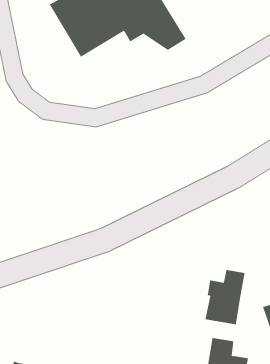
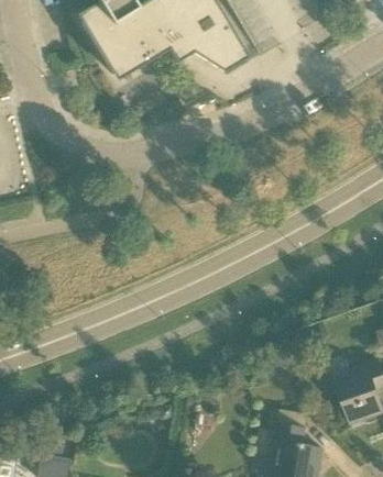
building: [205,269,245,325] -> none

